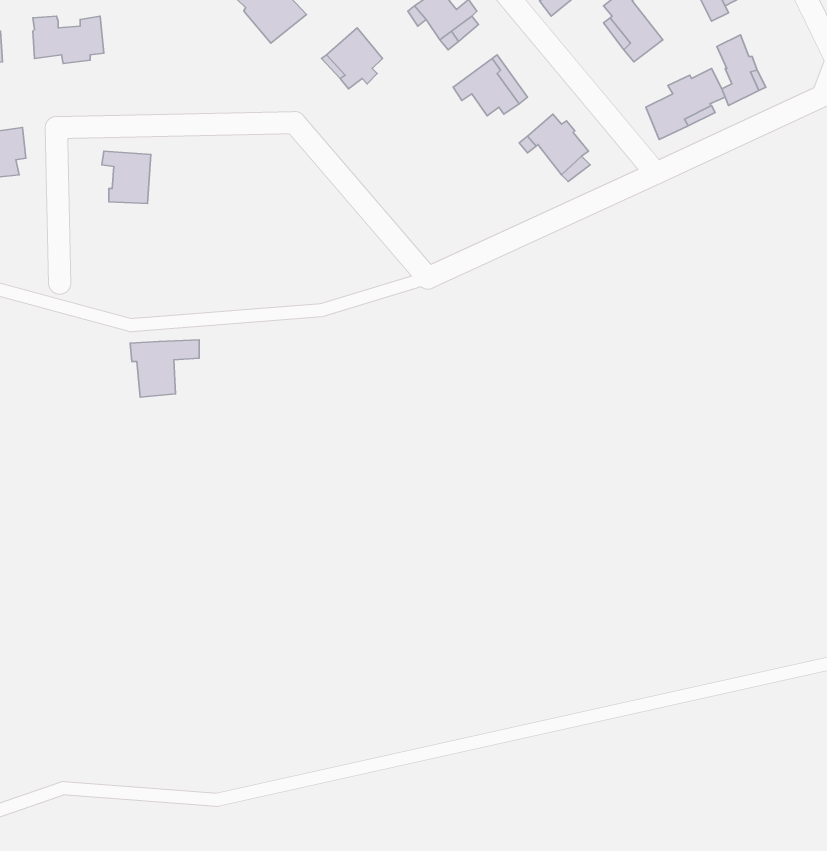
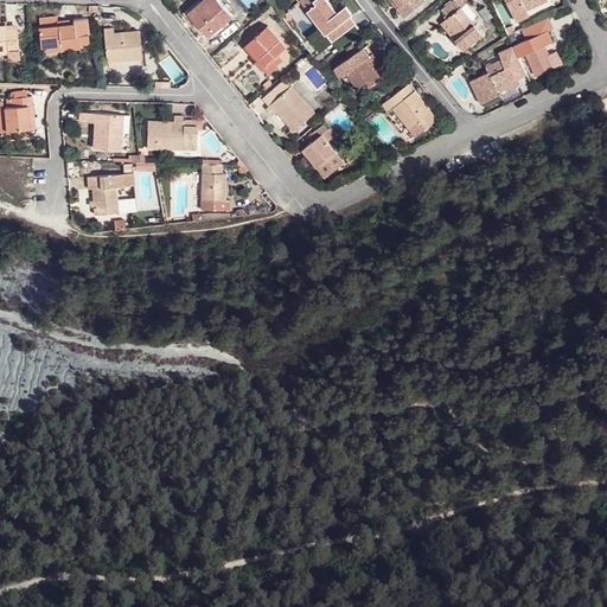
building: none -> [103,27,141,60]
building: none -> [266,87,314,132]
building: none -> [146,116,197,149]
building: none -> [306,129,343,177]
building: none -> [200,165,229,207]
building: [130,340,199,397] -> [84,174,133,215]

